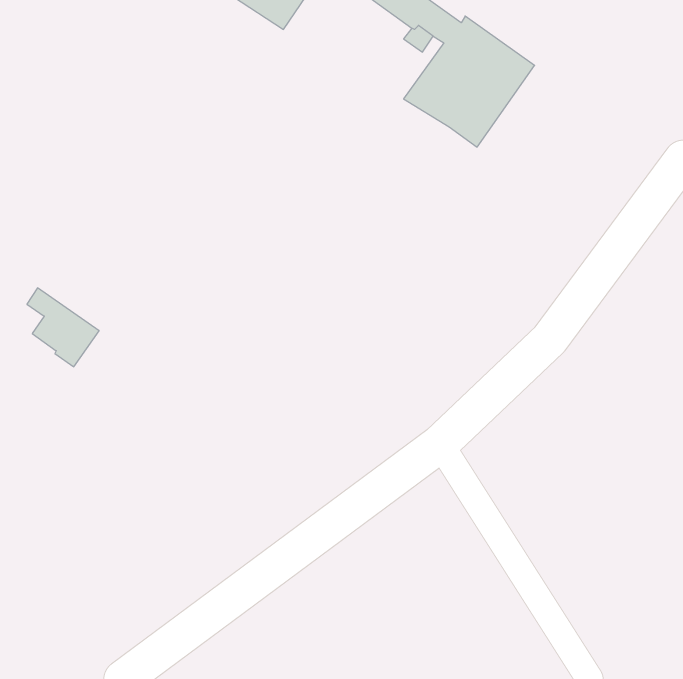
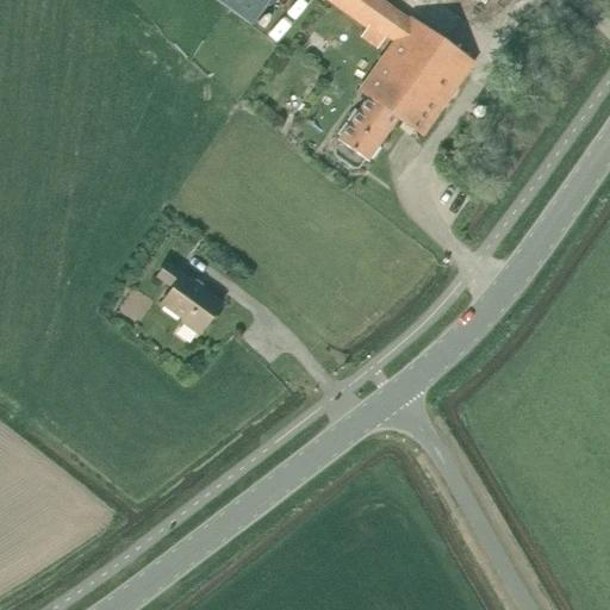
building: none -> [337,94,400,164]
building: [27,288,99,367] -> [156,261,220,331]

